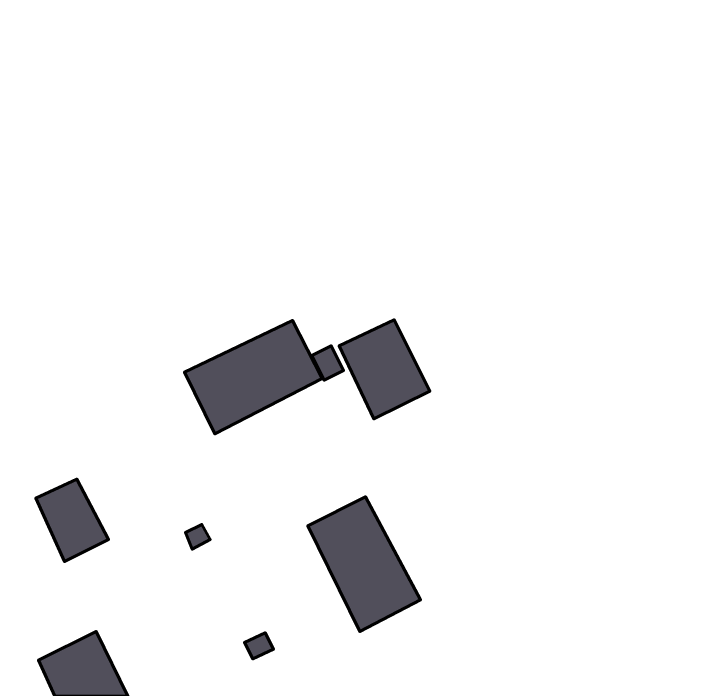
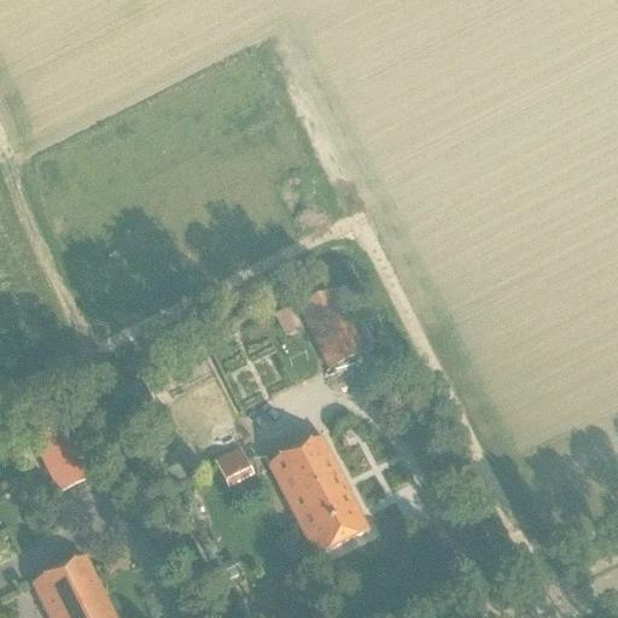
building: [184,321,322,434] -> none
building: none -> [217,451,255,486]

